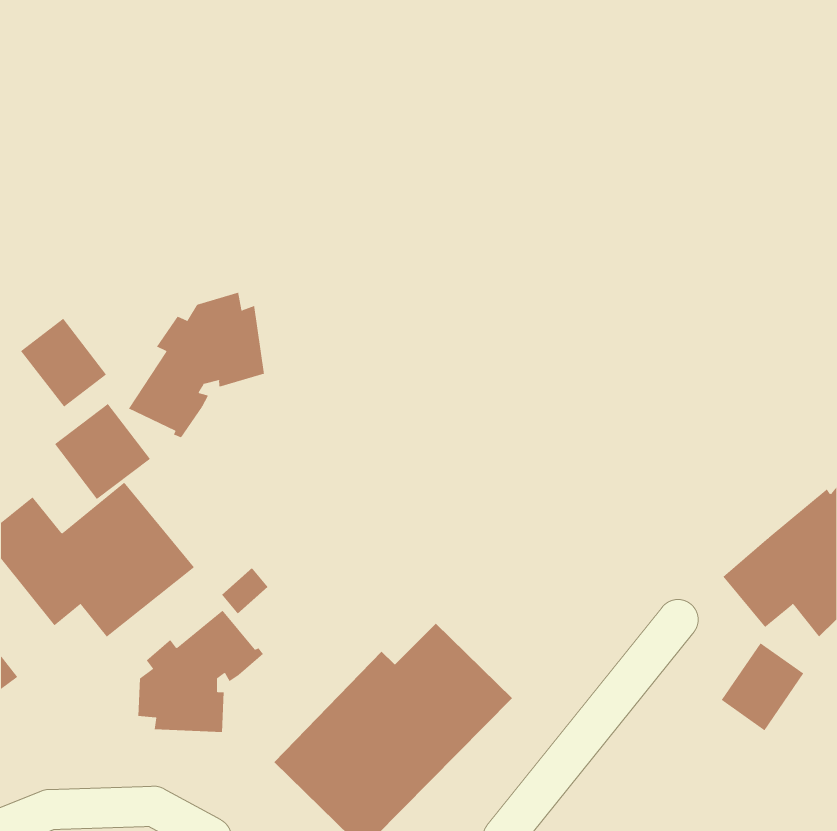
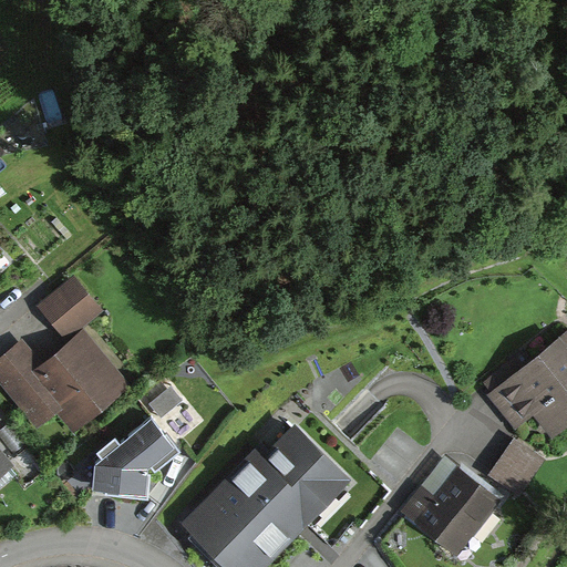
building: [128,292,264,438] -> none
building: [20,318,107,408] -> none
building: none -> [402,457,502,557]

